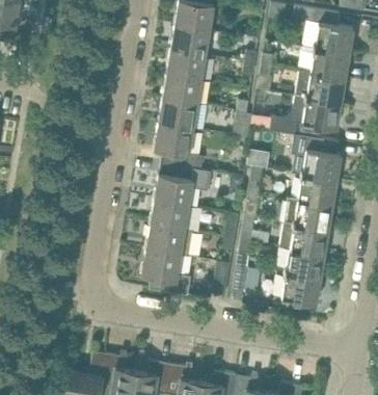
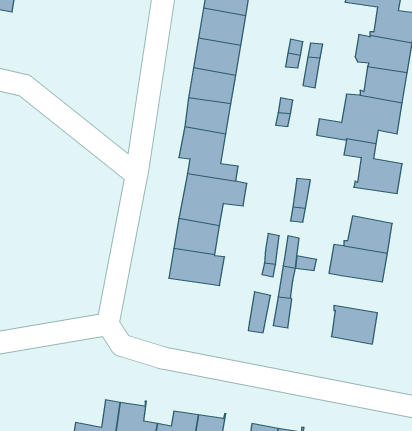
building: [299,175,336,205] -> none
building: [284,248,324,280] -> none
building: [141,251,190,295] -> none

